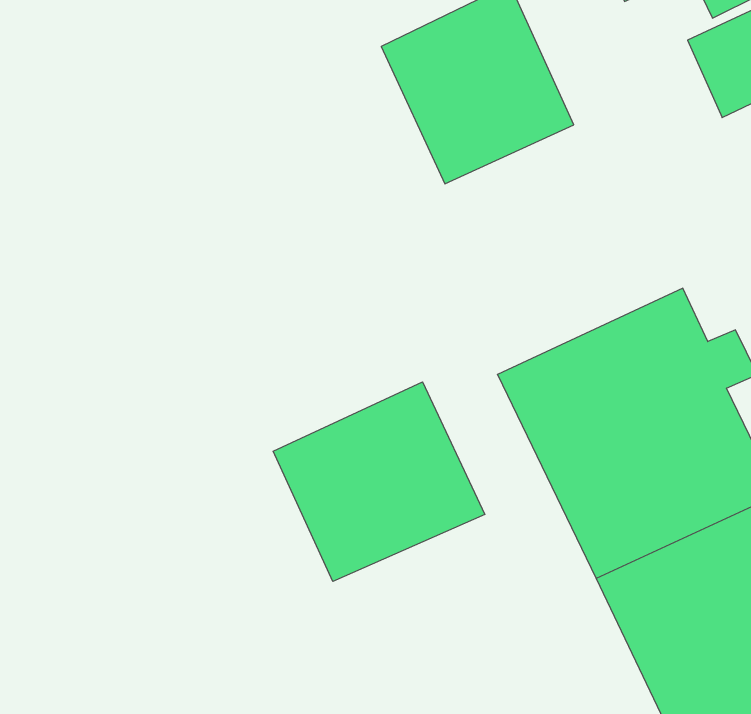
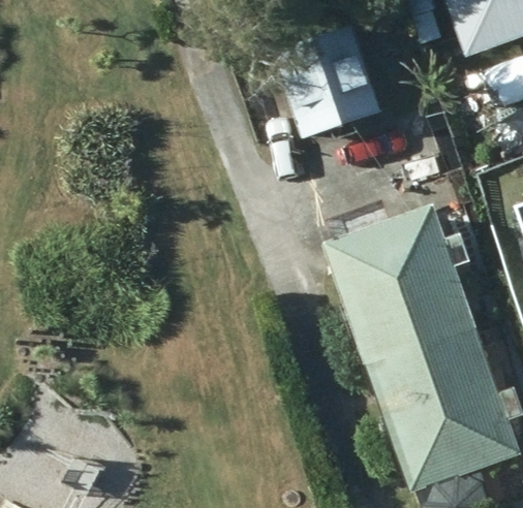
building: [273,382,485,581] -> none

